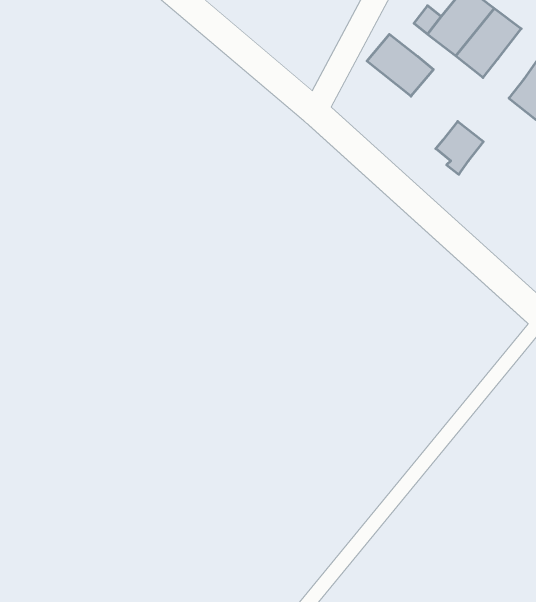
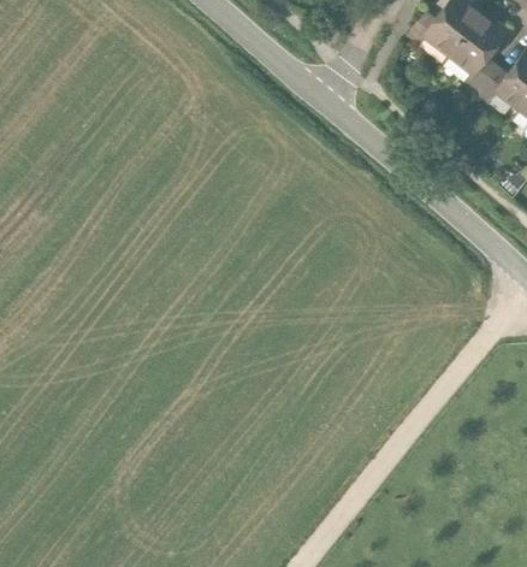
building: [367,34,433,96] -> none
building: [436,121,483,174] -> [469,61,511,108]

